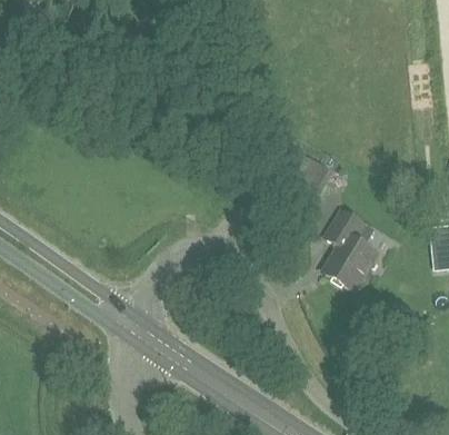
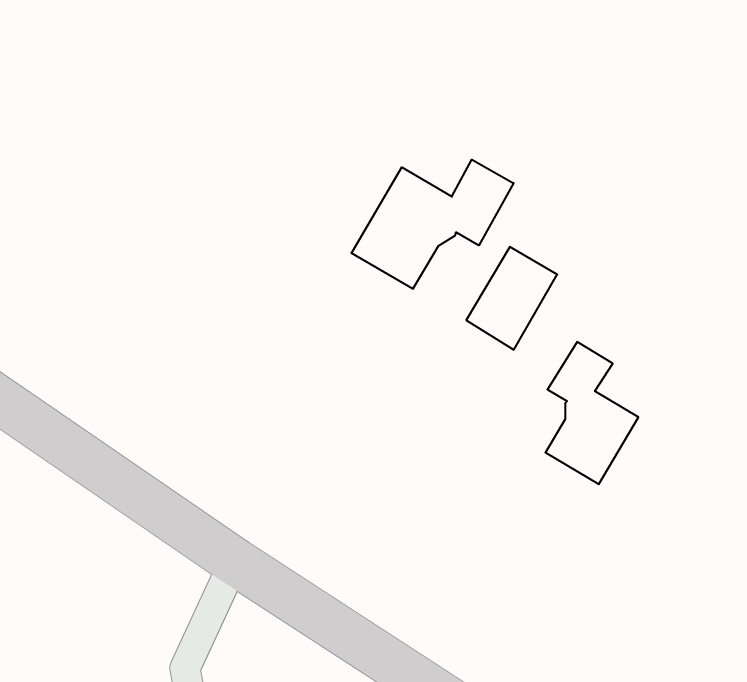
building: none -> [351,160,514,289]

